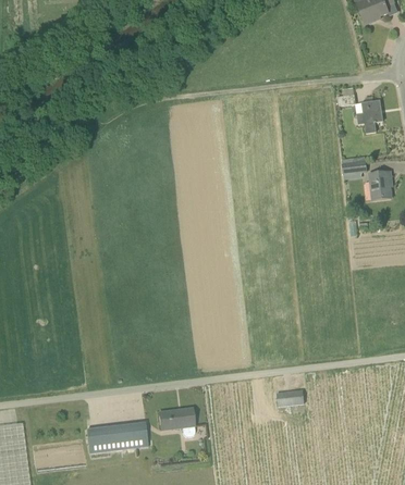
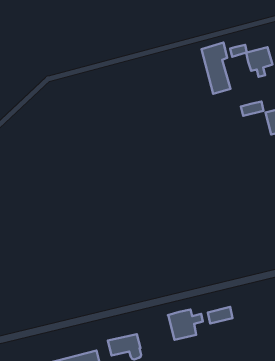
building: none -> [201,42,231,94]
building: none -> [168,310,203,340]

